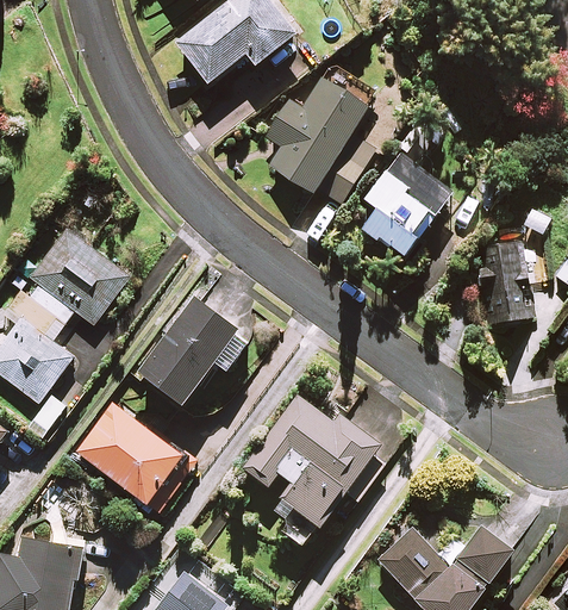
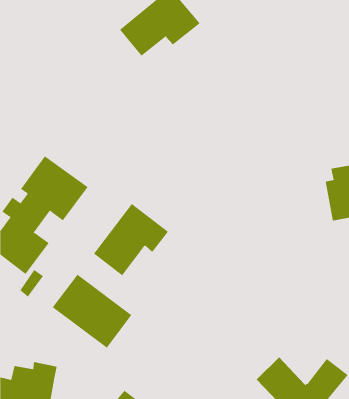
building: [267,77,375,205] -> none
building: [363,154,451,257] -> none
building: [243,396,386,546] -> none

